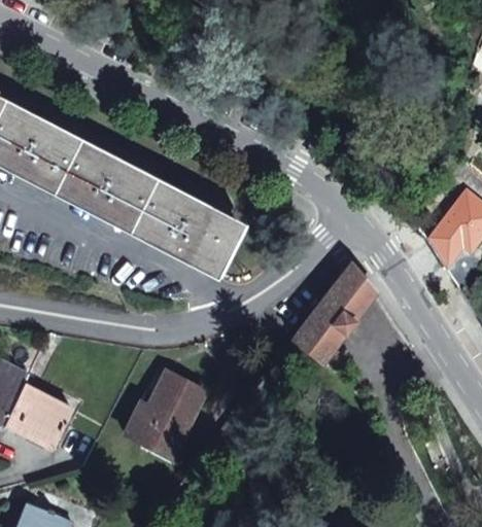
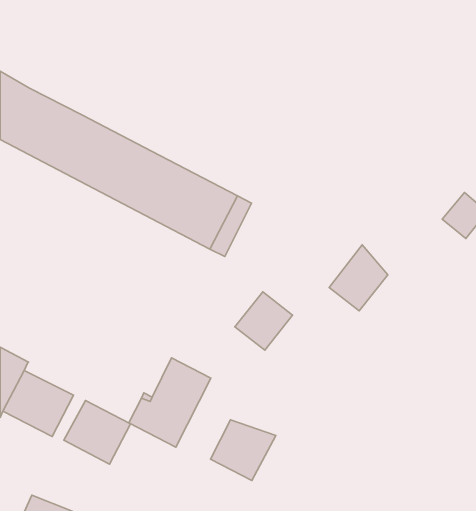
building: [291,306,347,362] -> [235,292,293,350]
building: none -> [64,400,131,464]
building: none -> [210,420,276,481]

